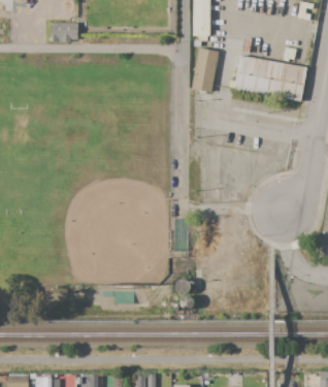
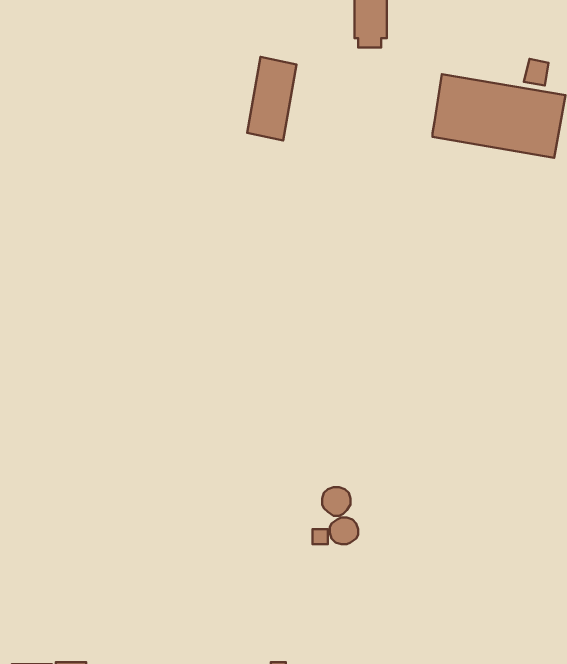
building: [50,22,78,41] -> none
building: [192,46,219,92] -> [247,57,296,141]

